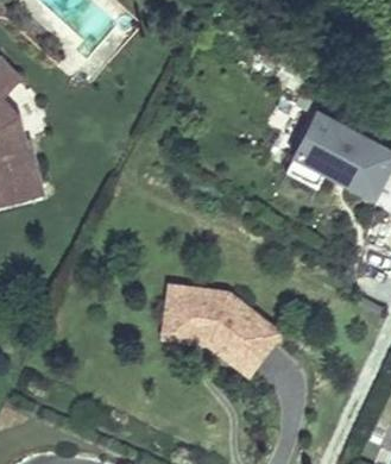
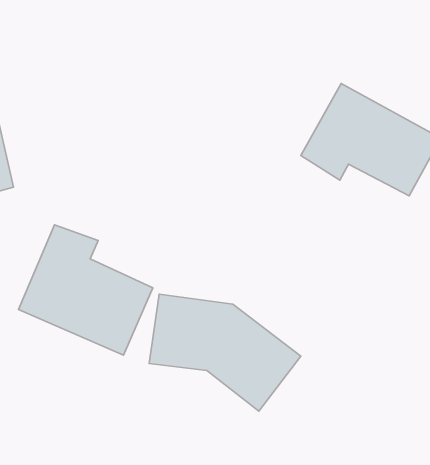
building: none -> [18,225,153,355]

